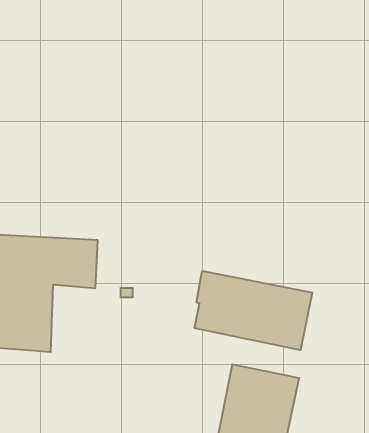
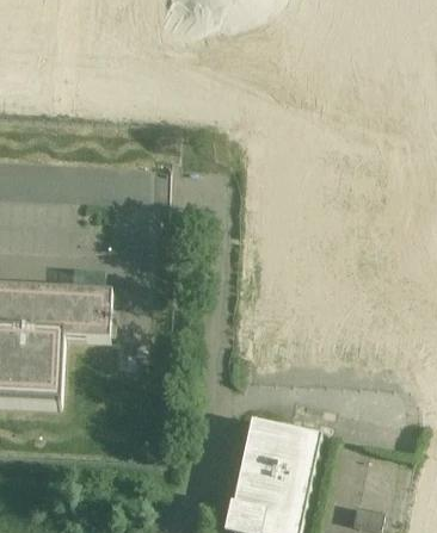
building: [195,271,312,350] -> none

